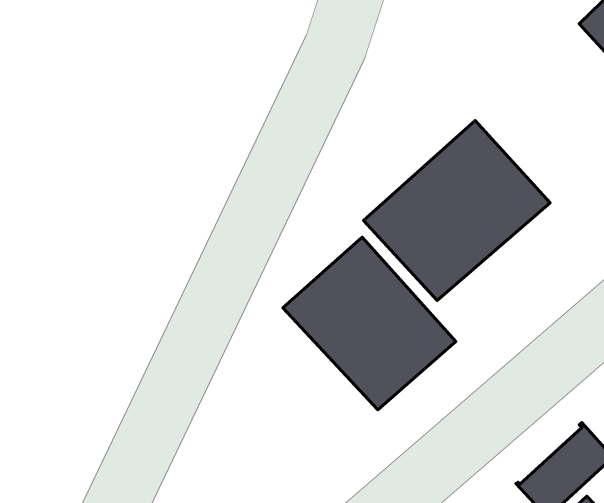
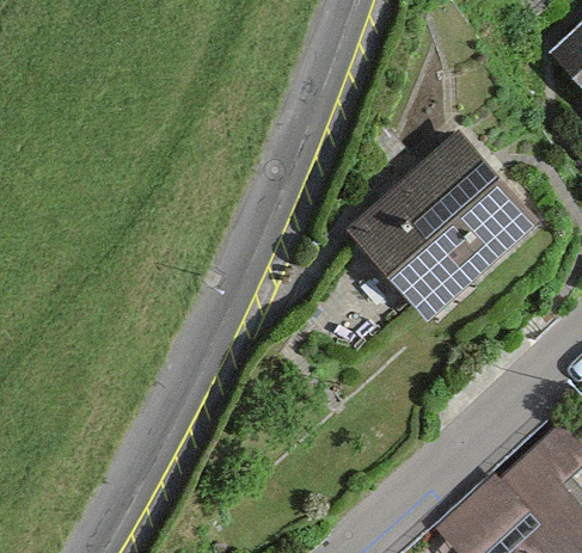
building: [283,237,456,410] -> none

